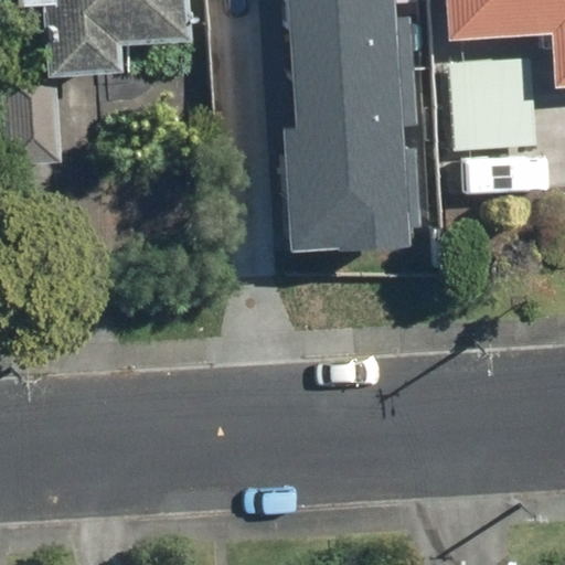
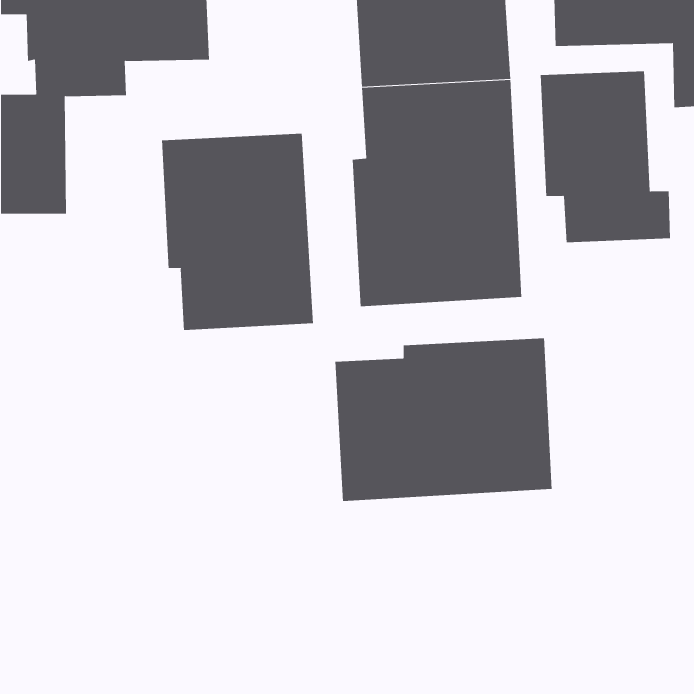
building: none -> [161,133,314,331]
building: none -> [335,337,552,502]

